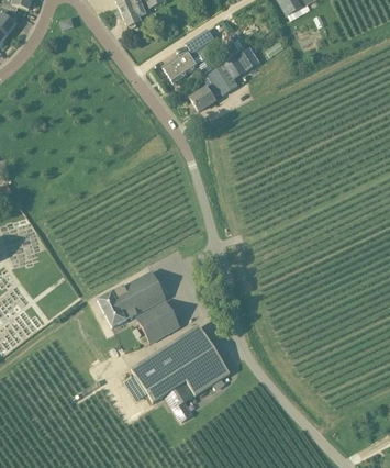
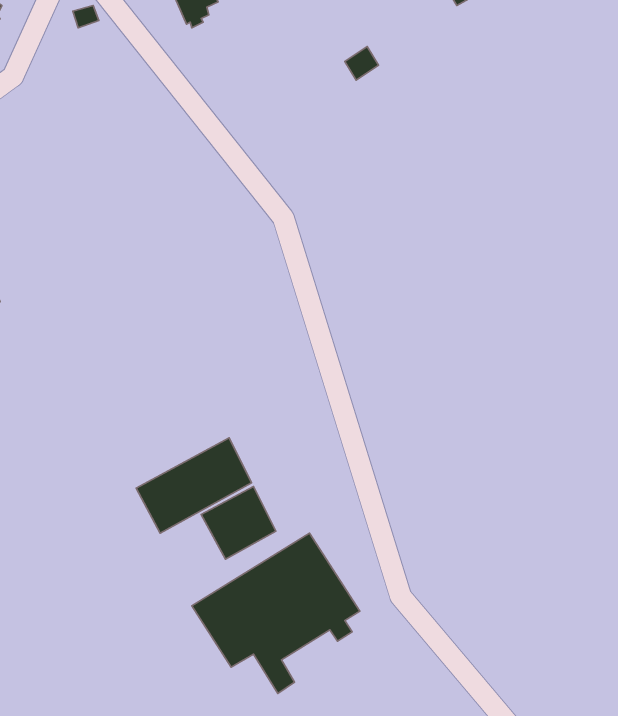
building: [161,29,214,82] -> none
building: [189,44,259,111] -> none

